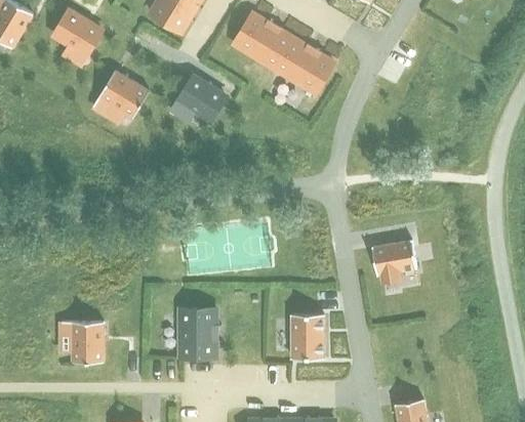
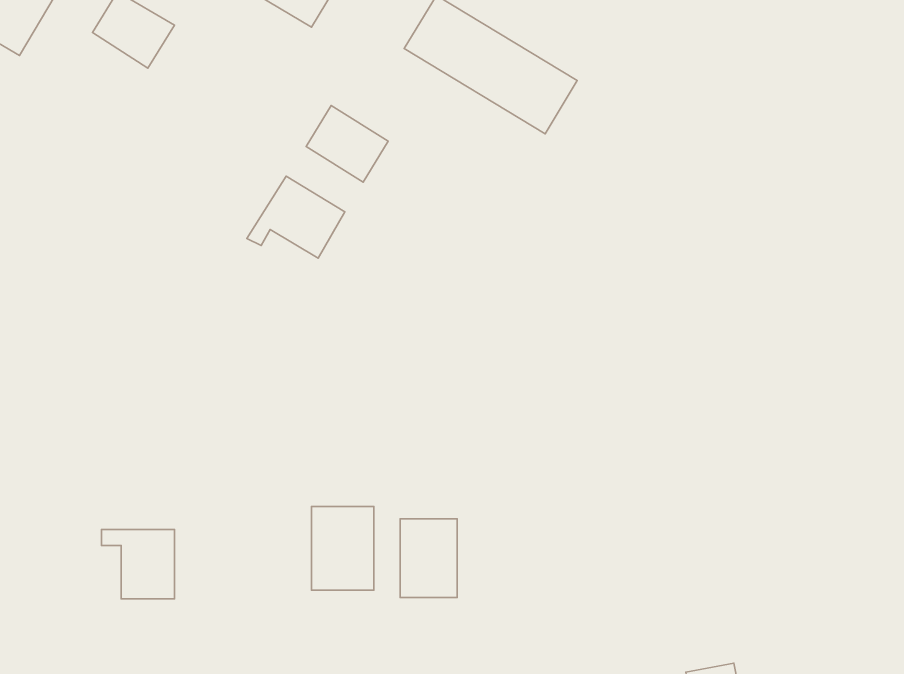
building: [91,71,148,118] -> [247,176,345,258]
building: [371,239,416,280] -> none
building: [291,312,324,357] -> [400,519,457,597]

